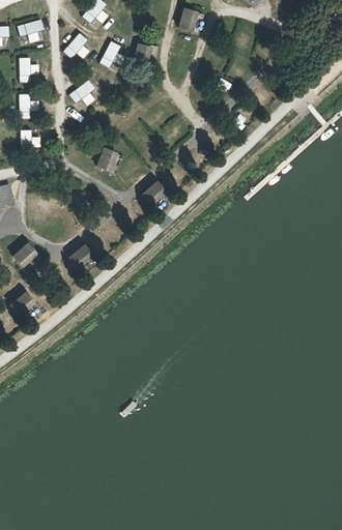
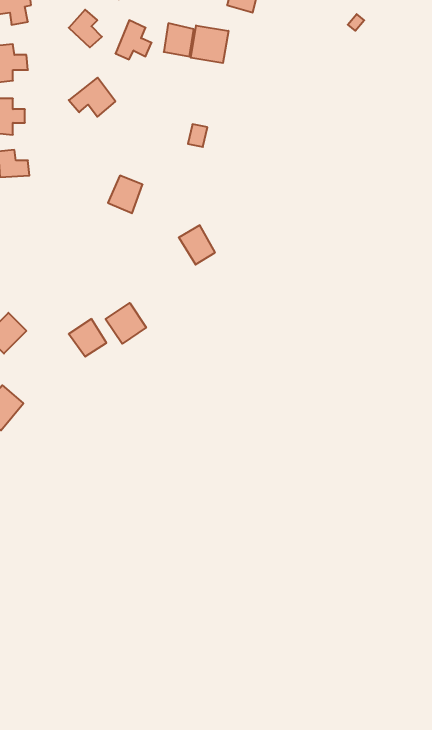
building: none -> [191,25,228,63]
building: none -> [106,303,146,344]

